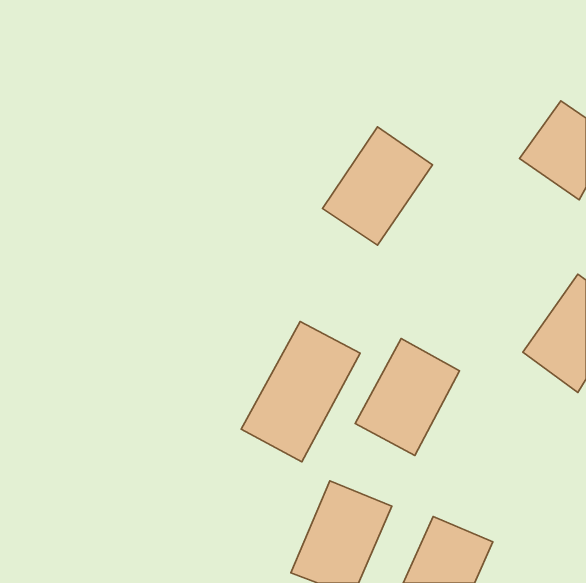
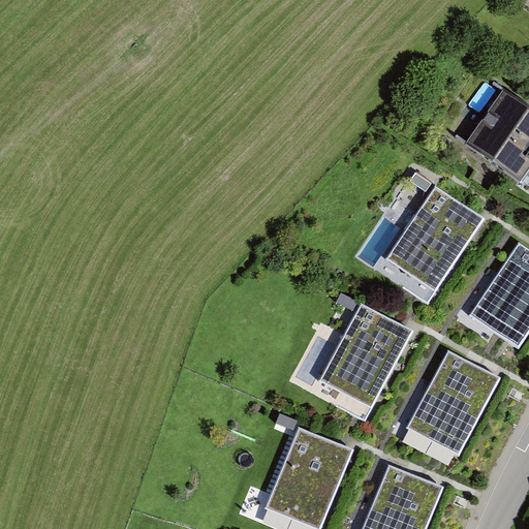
building: [322,127,433,245] -> [385,185,485,291]
building: [241,321,360,462] -> none
building: none -> [407,350,500,455]

